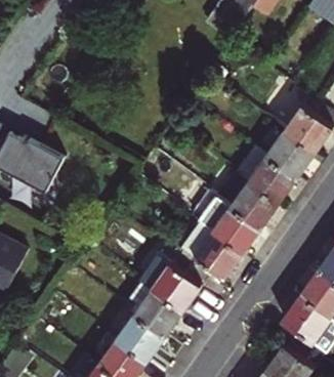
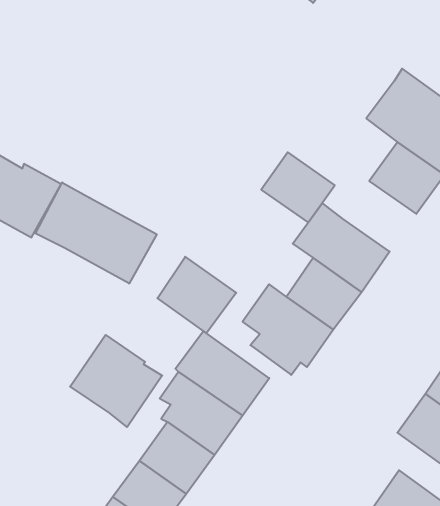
building: [249,155,297,201] -> [261,152,335,223]
building: none -> [35,182,157,284]
building: none -> [157,257,236,333]
building: none -> [70,335,162,427]

